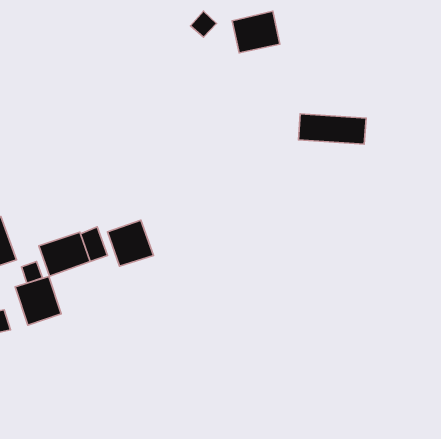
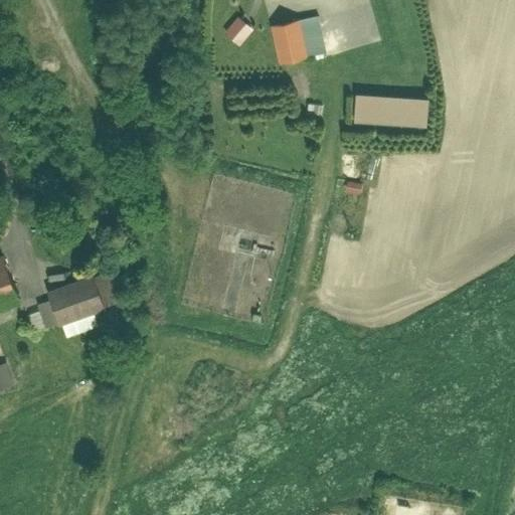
building: [298,114,366,144] -> [351,94,430,129]
building: [108,220,153,266] -> none
building: [15,277,61,325] -> none

